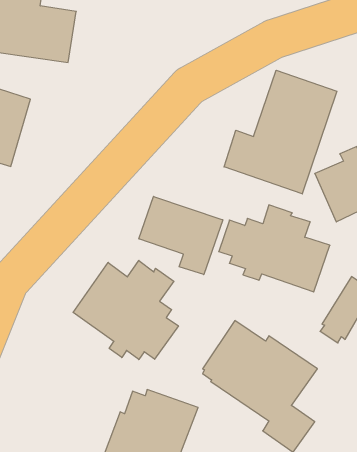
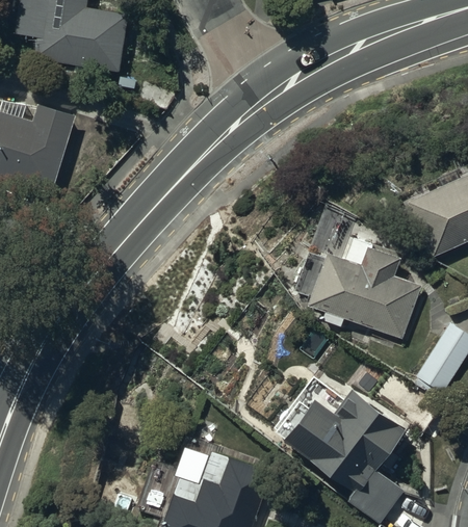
building: [224,70,337,194] -> none
building: [139,196,223,275] -> none
building: [73,260,178,360] -> none

